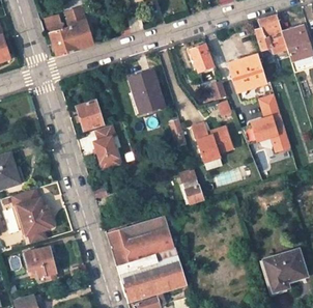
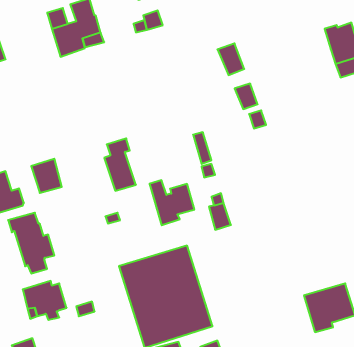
building: [254,16,287,57] -> none
building: [229,57,264,90] -> none
building: [130,72,164,113] -> none
building: [243,95,291,152] -> none
building: [77,101,103,130] -> [31,159,62,193]
building: [194,124,232,163] -> [149,180,194,225]

